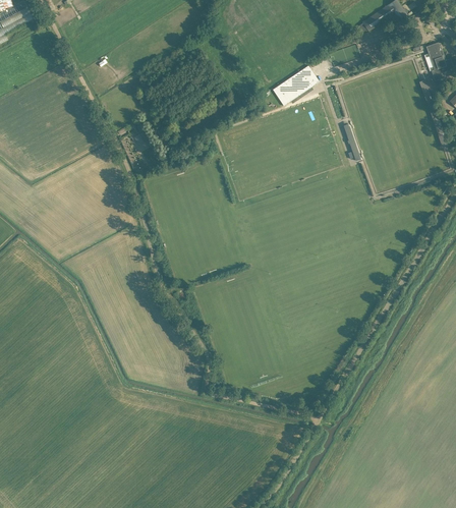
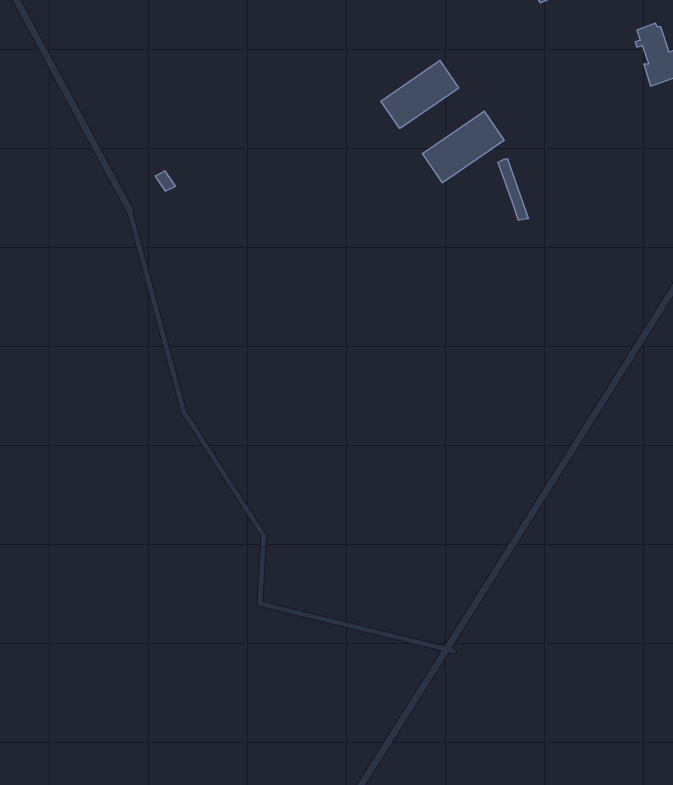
building: none -> [422,111,504,183]

